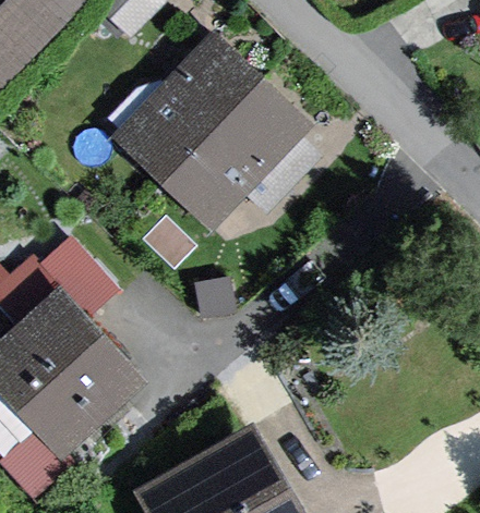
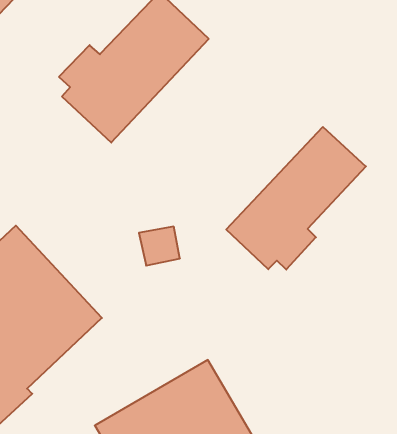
building: [156,80,319,235] -> none
building: none -> [226,127,366,270]

